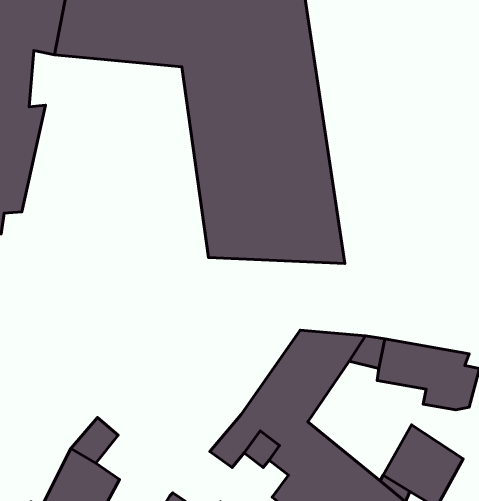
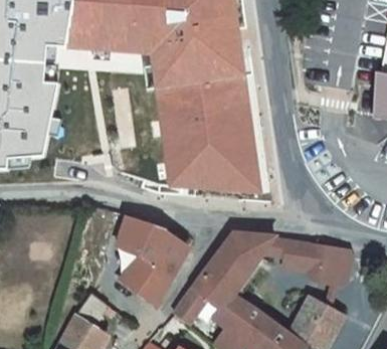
building: none -> [117,215,186,305]

